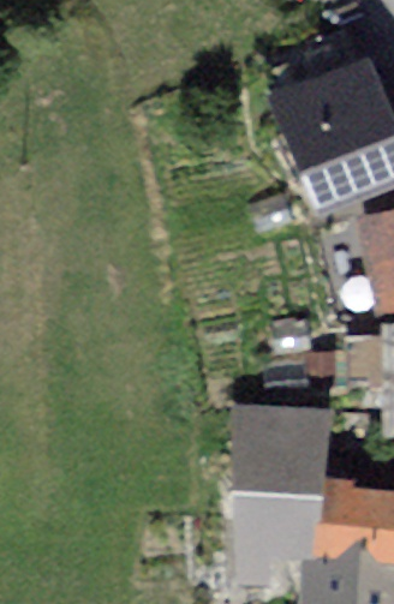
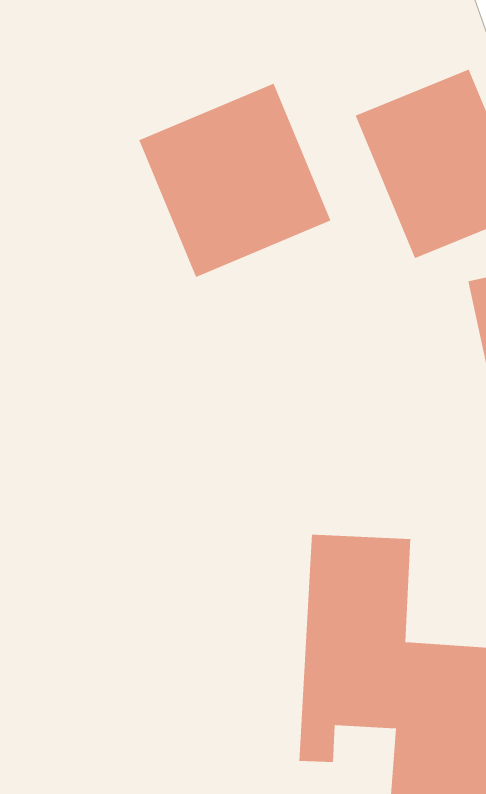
building: none -> [139,83,331,278]

